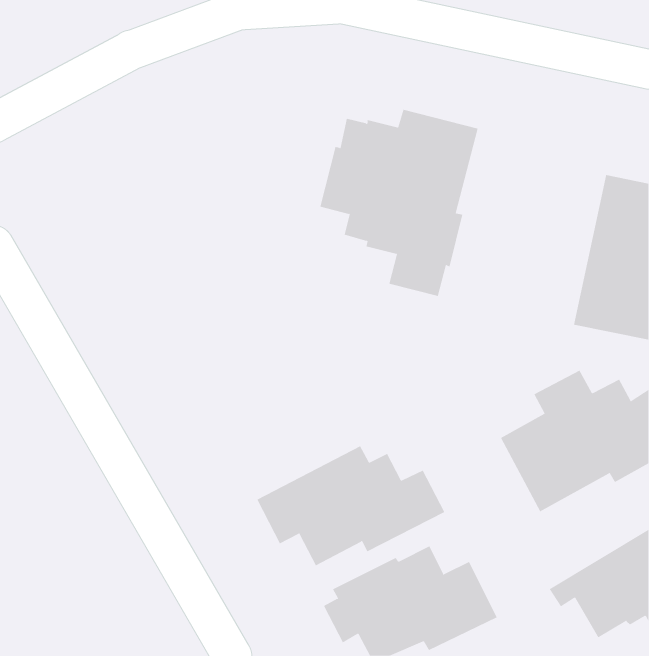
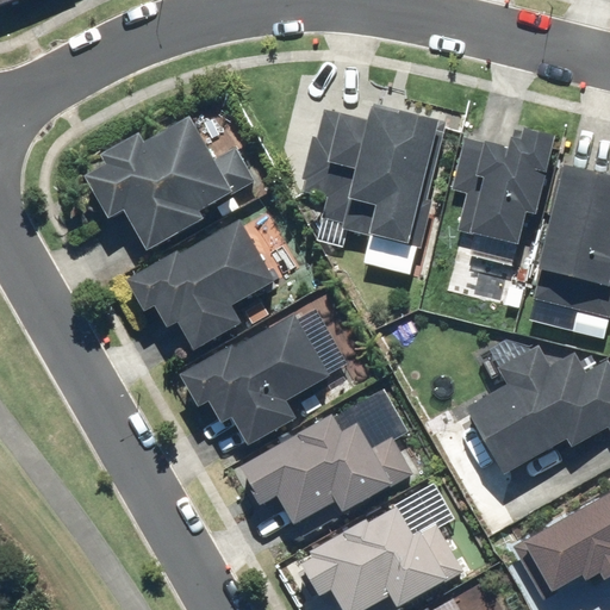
building: none -> [86,116,255,249]
building: none -> [450,120,558,244]
building: none -> [127,218,278,350]
building: none -> [182,313,332,443]

